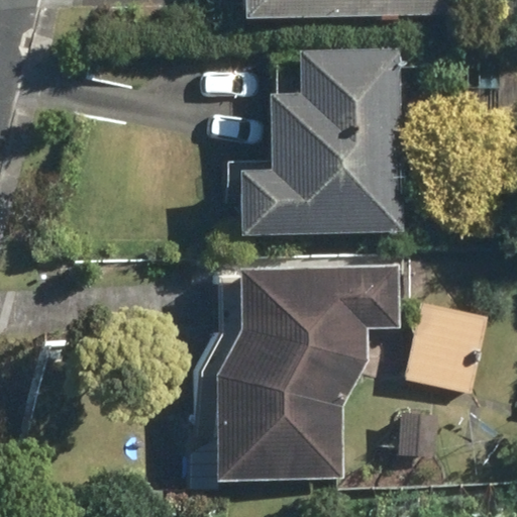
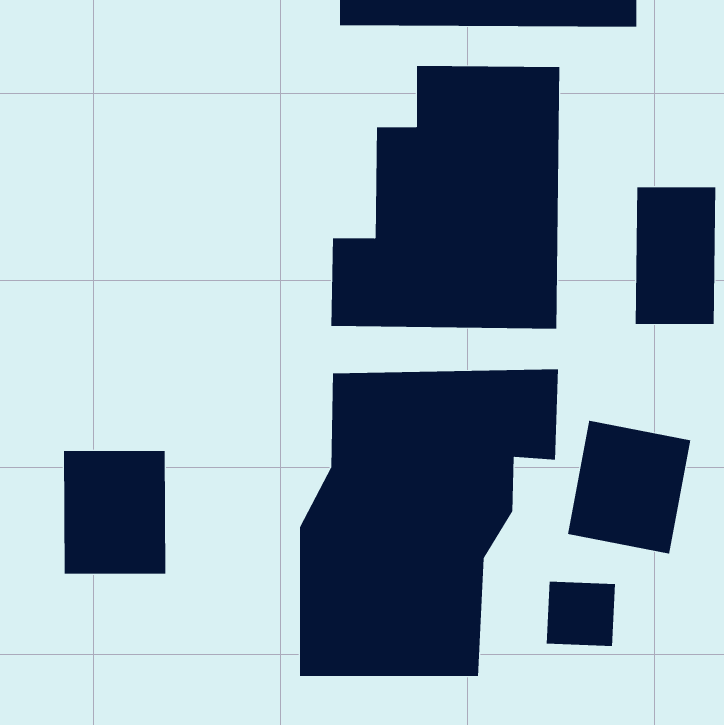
building: none -> [635,186,716,325]
building: none -> [64,450,166,574]

